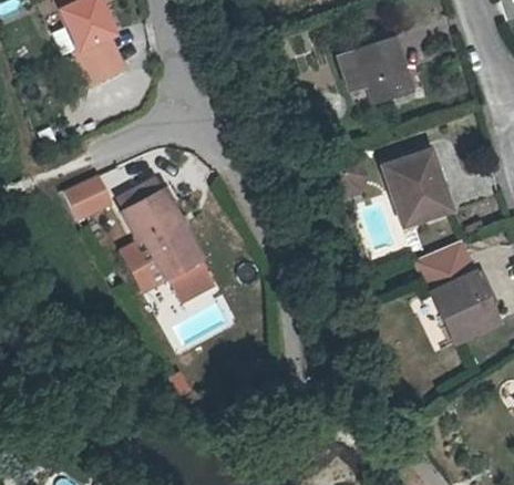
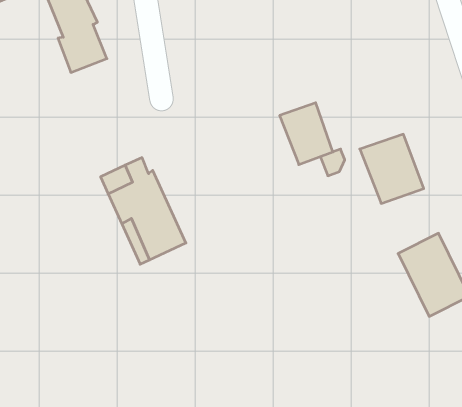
building: [356,38,411,102] -> [280,103,333,165]
building: [61,168,112,217] -> none
building: [166,264,215,306] -> none

